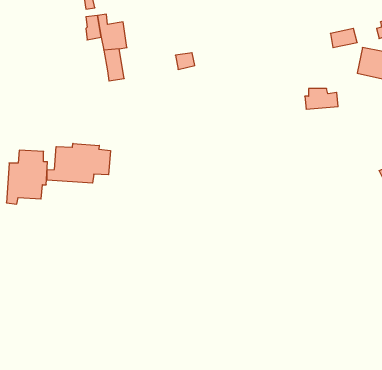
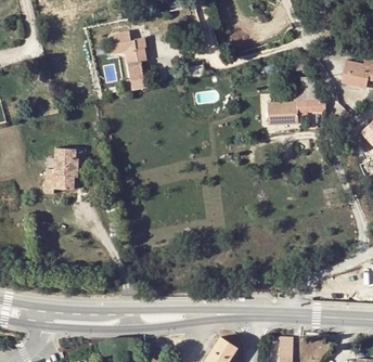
building: none -> [269,102,298,125]
building: [47,143,110,183] -> none

